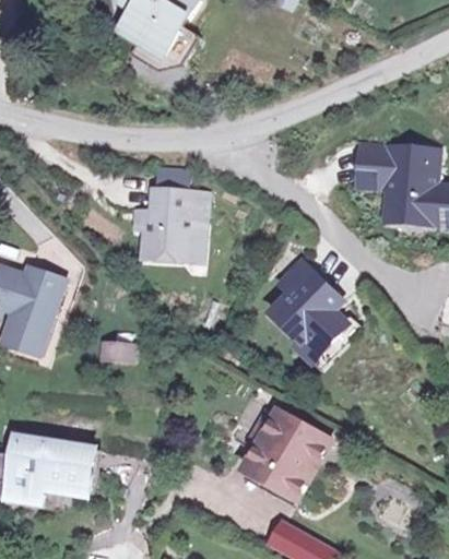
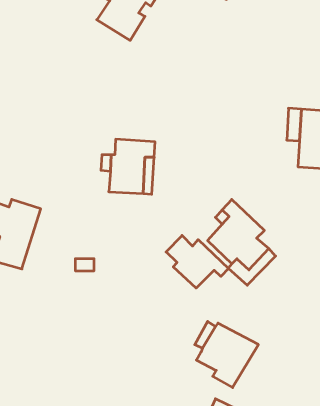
building: none -> [166,235,229,288]
building: [12,442,101,518] -> none
building: [243,452,299,509] -> none

